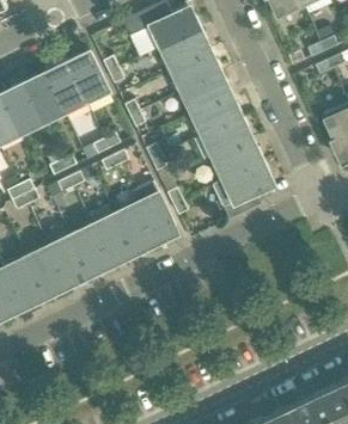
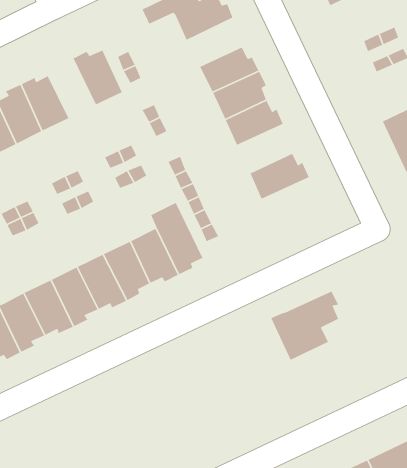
building: [160,29,207,69] -> none
building: [45,62,85,112] -> none
building: [202,117,249,158] -> none
building: [212,161,269,220] -> [270,290,339,361]

